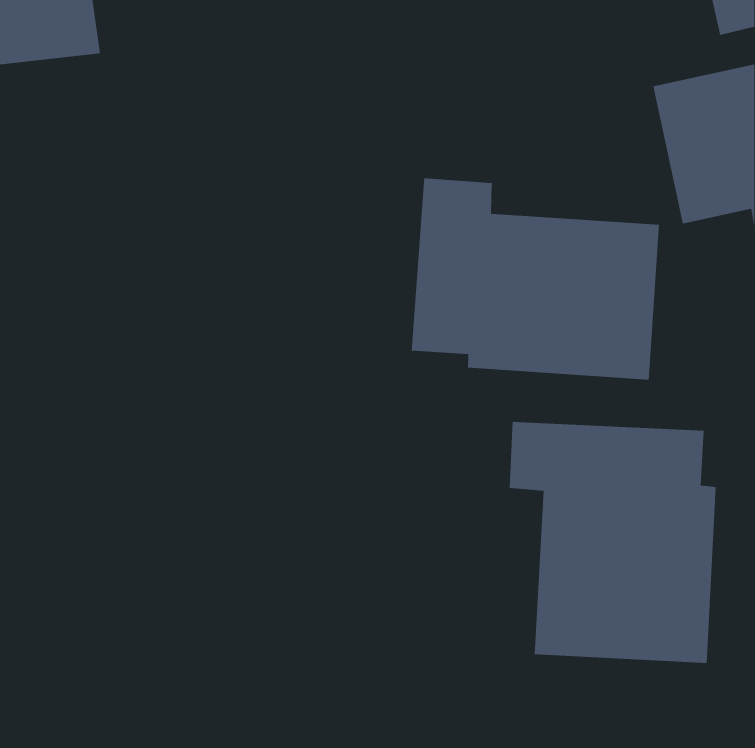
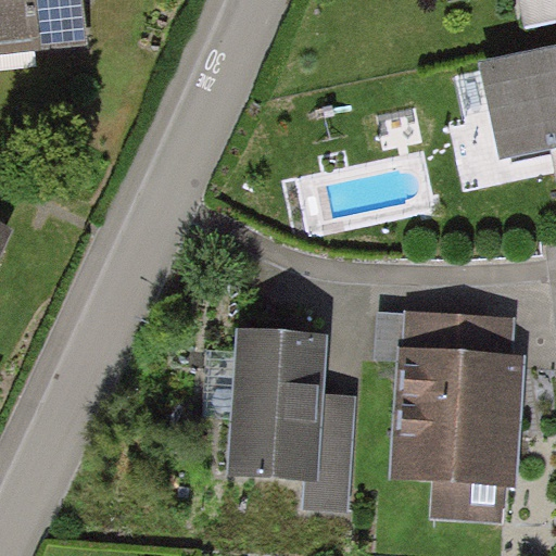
building: [411,177,659,381] -> none
building: none -> [228,332,356,515]

